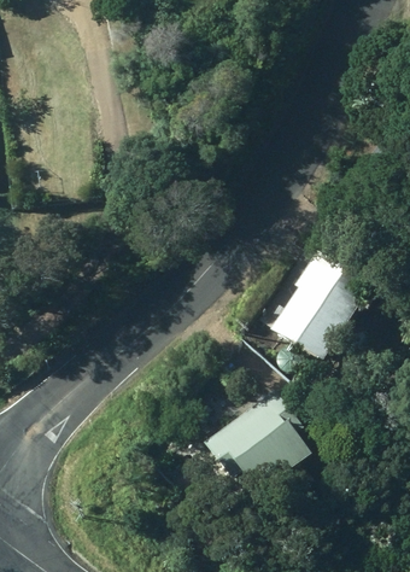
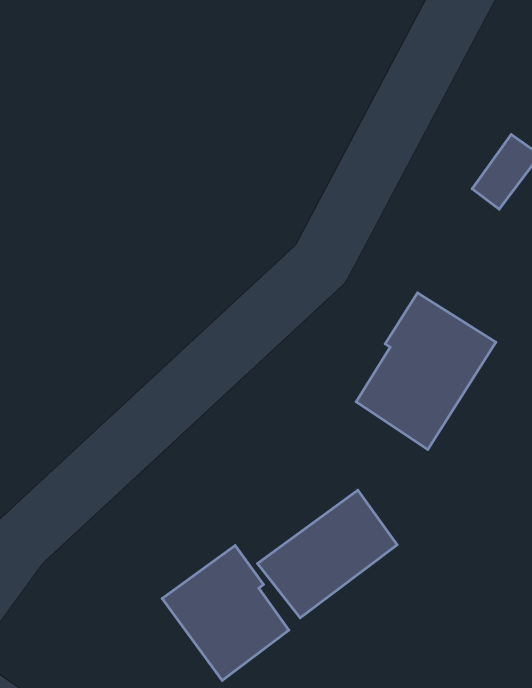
building: none -> [162,546,289,681]

